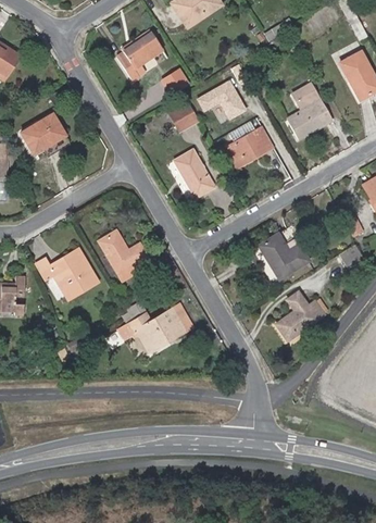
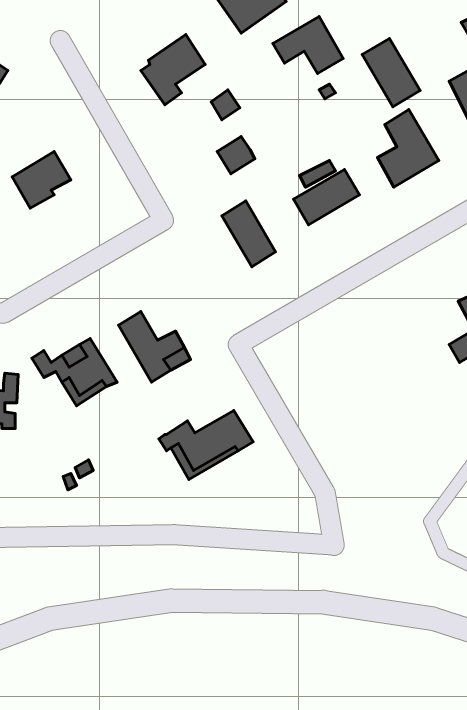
building: none -> [362,39,420,107]
building: [196,78,247,120] -> [273,17,343,73]
building: [252,224,308,282] -> none
building: [276,290,327,339] -> none

